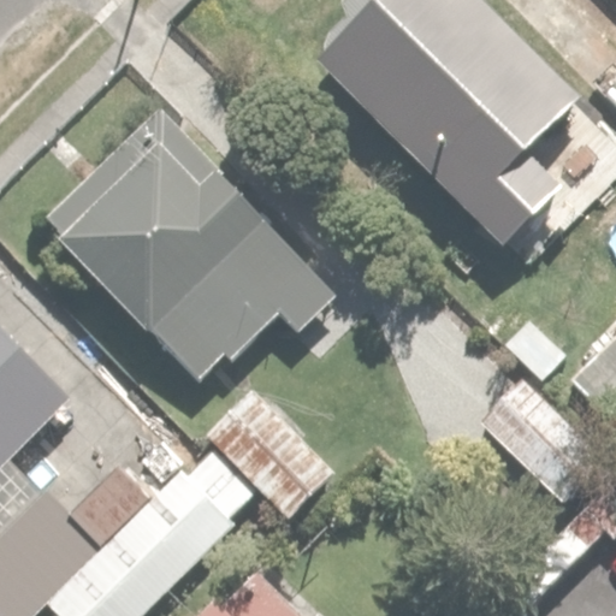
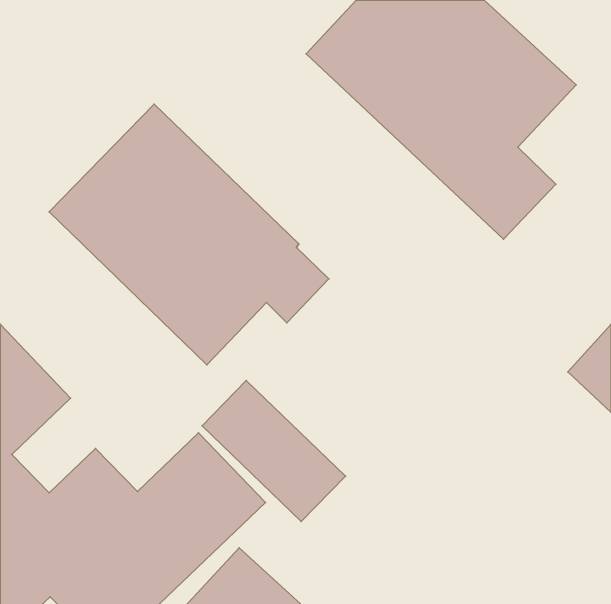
building: [474,374,610,507] -> none

